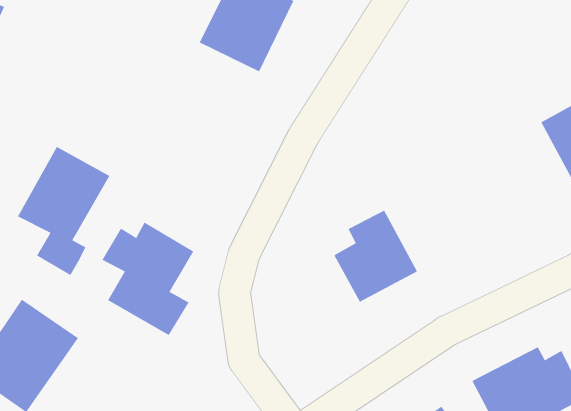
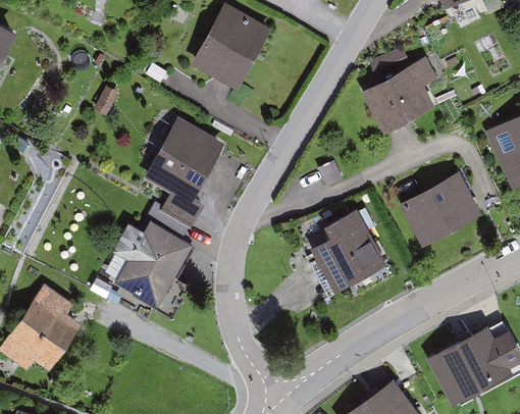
building: none -> [361,51,445,138]
building: [17,146,110,276] -> [142,116,221,227]
building: none -> [397,170,478,244]

